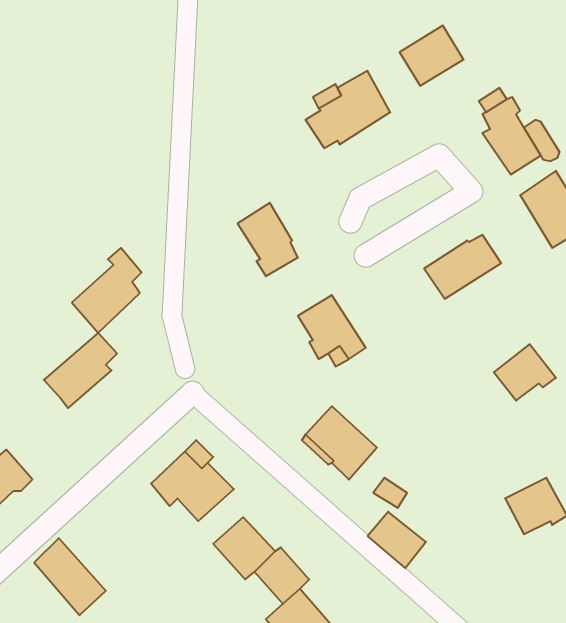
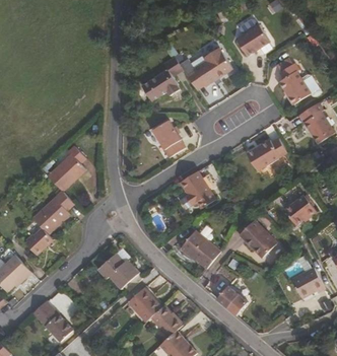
building: none -> [137,58,179,100]
building: none -> [238,220,275,259]
building: none -> [31,224,59,252]

